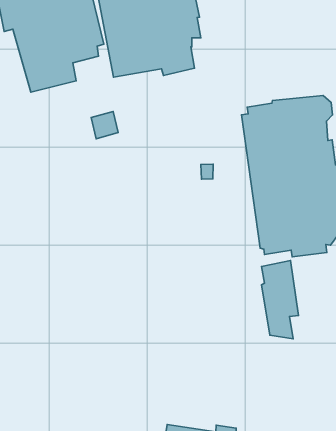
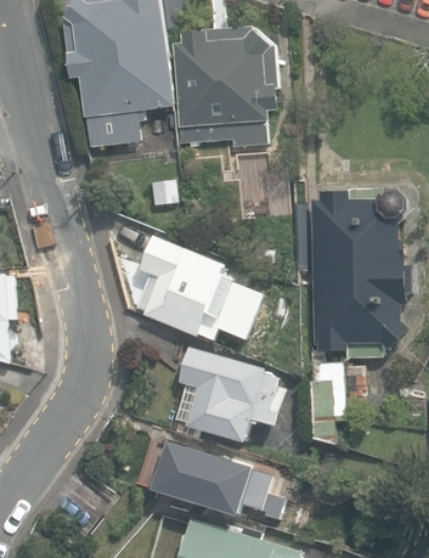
building: none -> [134,237,249,340]
building: none -> [174,348,278,444]
building: none -> [149,441,283,519]

